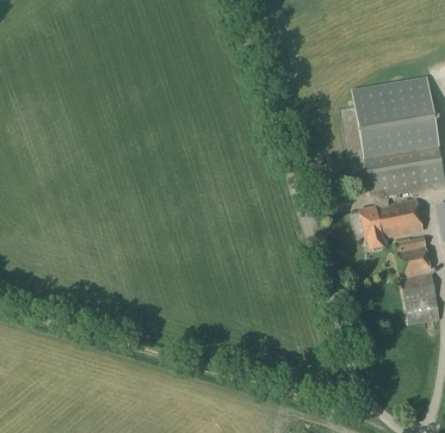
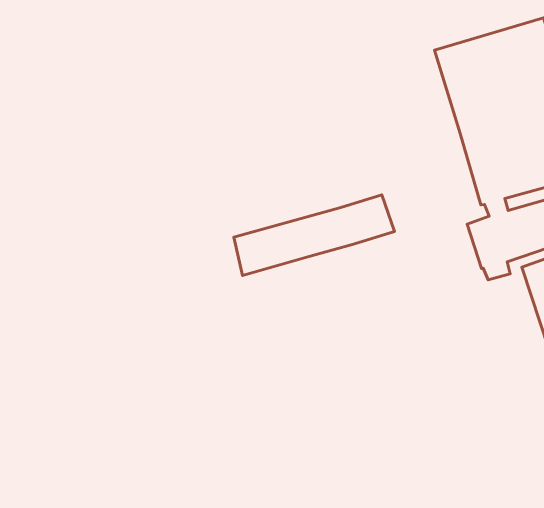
building: none -> [234,195,394,275]

